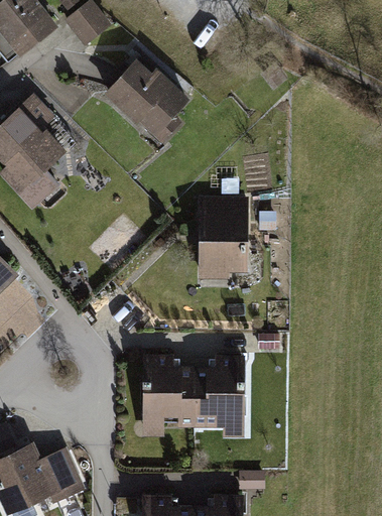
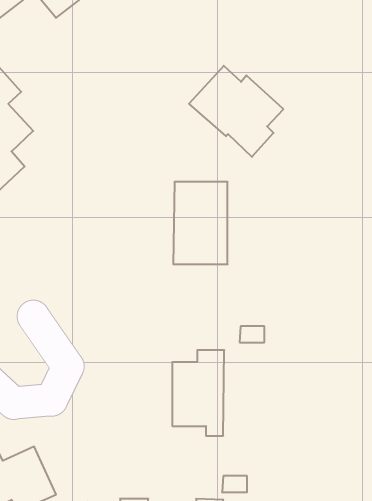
building: [105,59,193,144] -> [189,66,283,157]
building: [145,356,194,436] -> none

